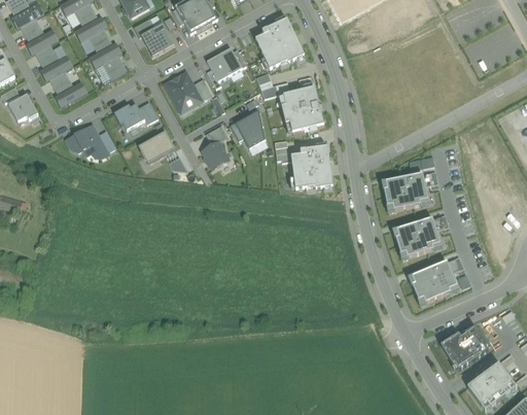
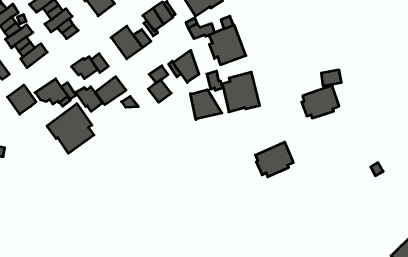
building: none -> [7,85,36,114]
building: none -> [76,87,102,111]
building: none -> [47,104,94,153]
building: none -> [190,90,222,120]
building: [395,217,440,256] -> [255,142,293,177]
building: [411,261,456,302] -> none
building: [440,325,488,369] -> none

